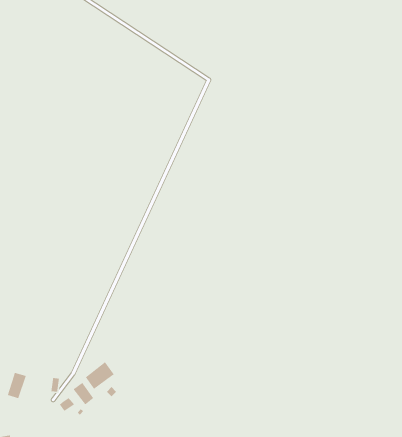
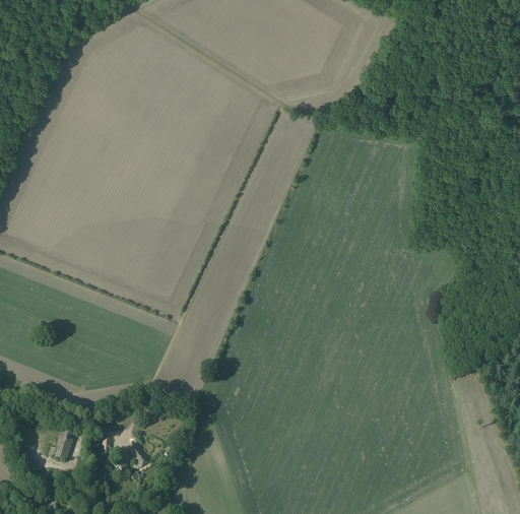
building: [85,361,115,390] -> none

